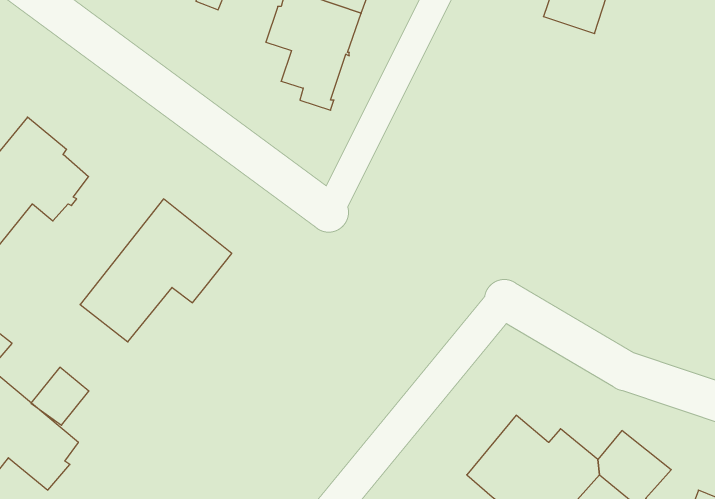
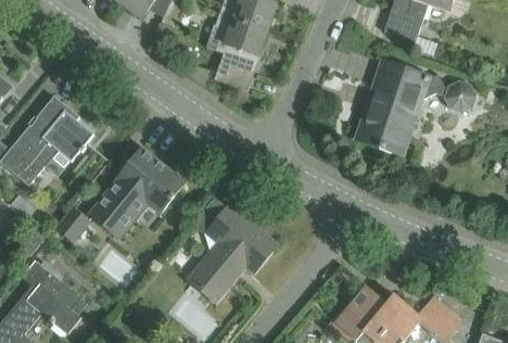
building: none -> [356,62,477,152]
building: none -> [189,204,277,301]
building: [31,367,89,425] -> [54,205,91,242]

